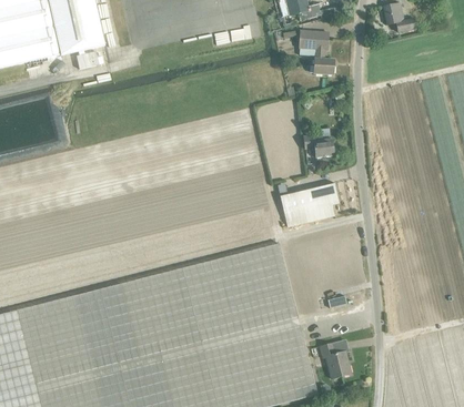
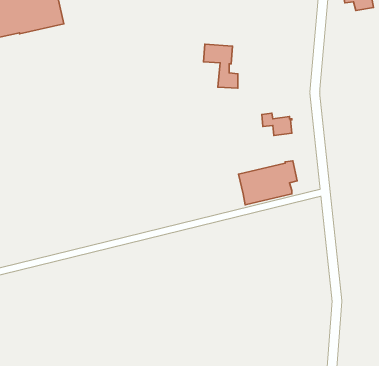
building: [299,29,333,73] -> [204,44,238,88]
building: [320,342,351,378] -> none

